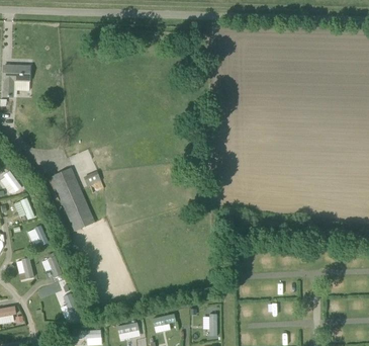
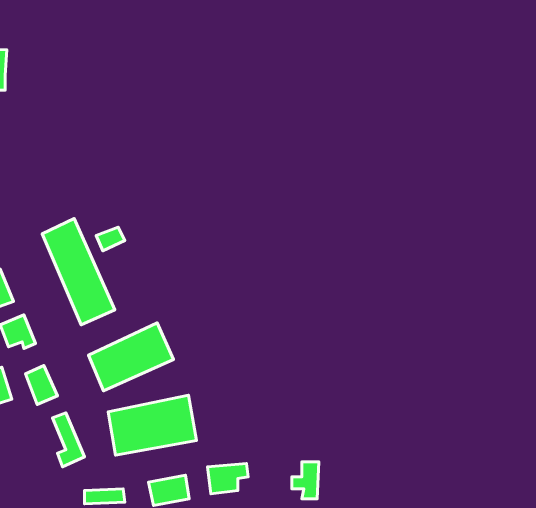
building: none -> [88,323,173,391]
building: none -> [108,395,197,455]

